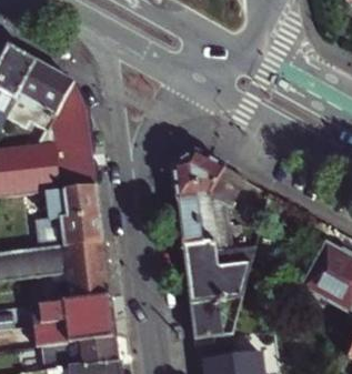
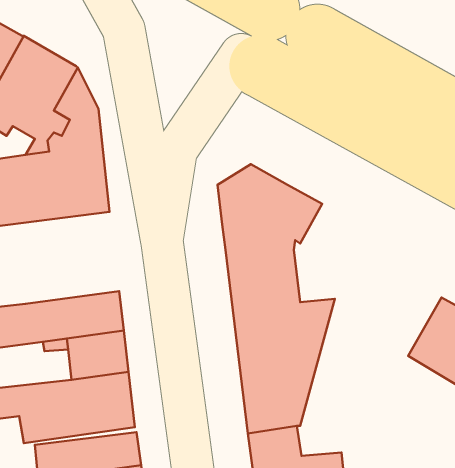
building: [38,183,104,247] -> none

